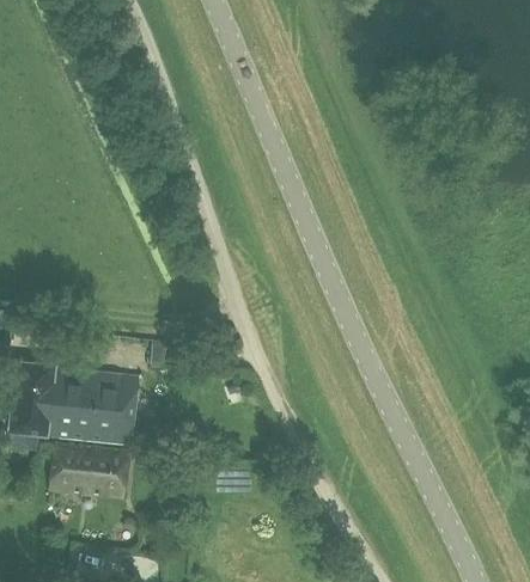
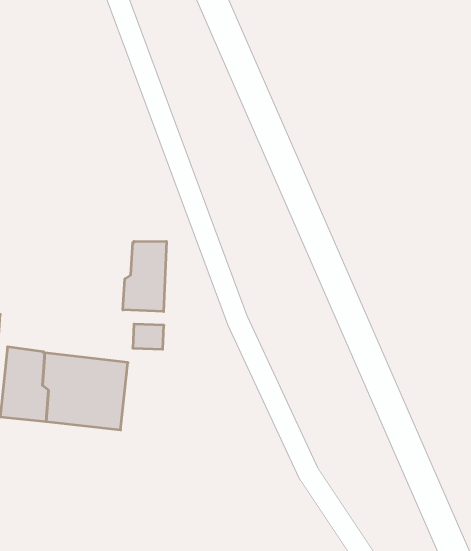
building: none -> [123,241,166,312]
building: [50,446,129,500] -> none

